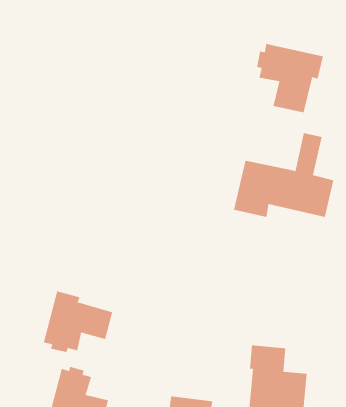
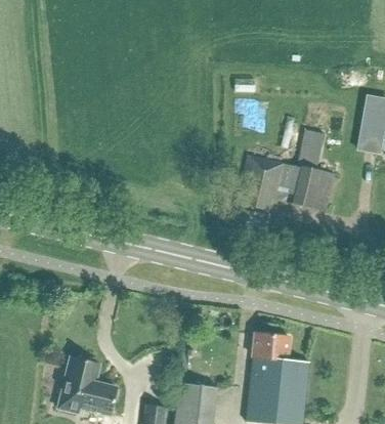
building: [256,43,323,113] -> none
building: [43,291,113,353] -> none

